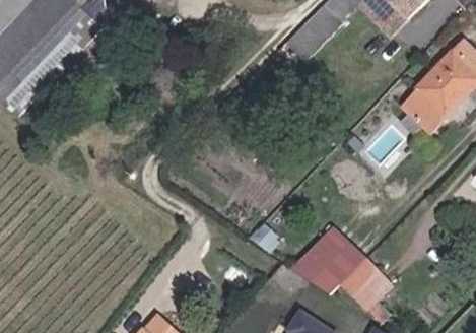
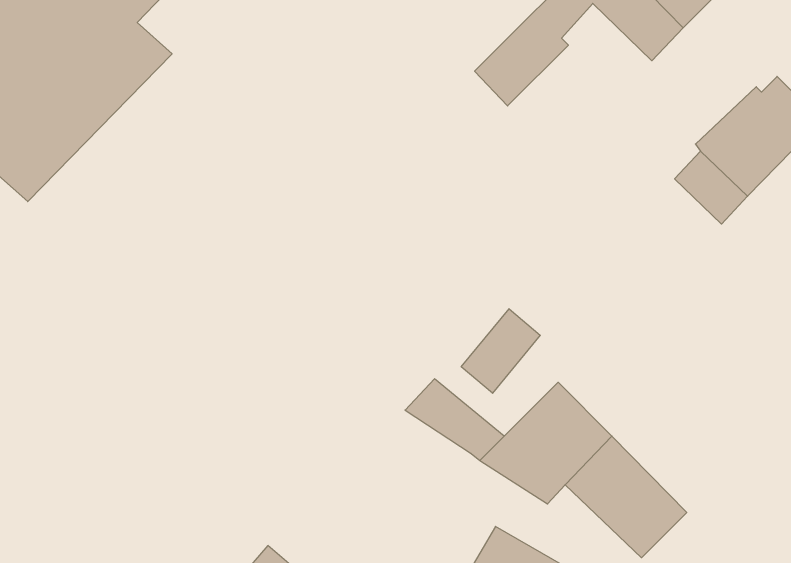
building: none -> [461,309,540,393]

